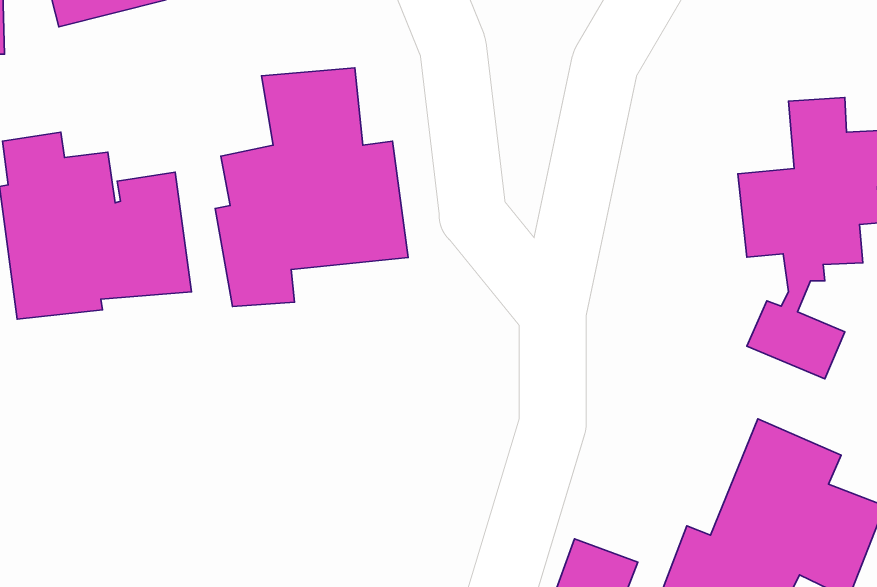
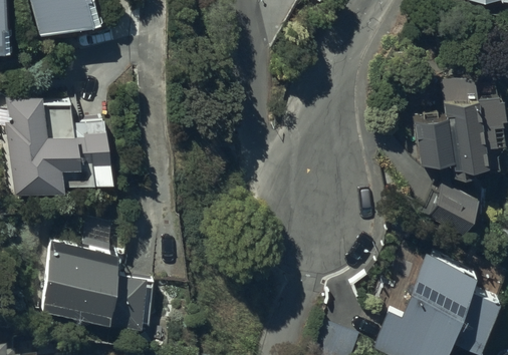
building: [215,68,408,307] -> none
building: none -> [44,238,154,329]

